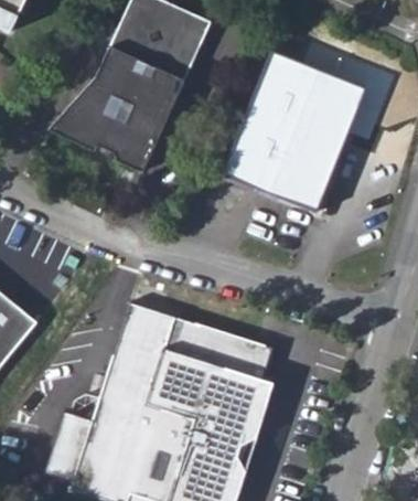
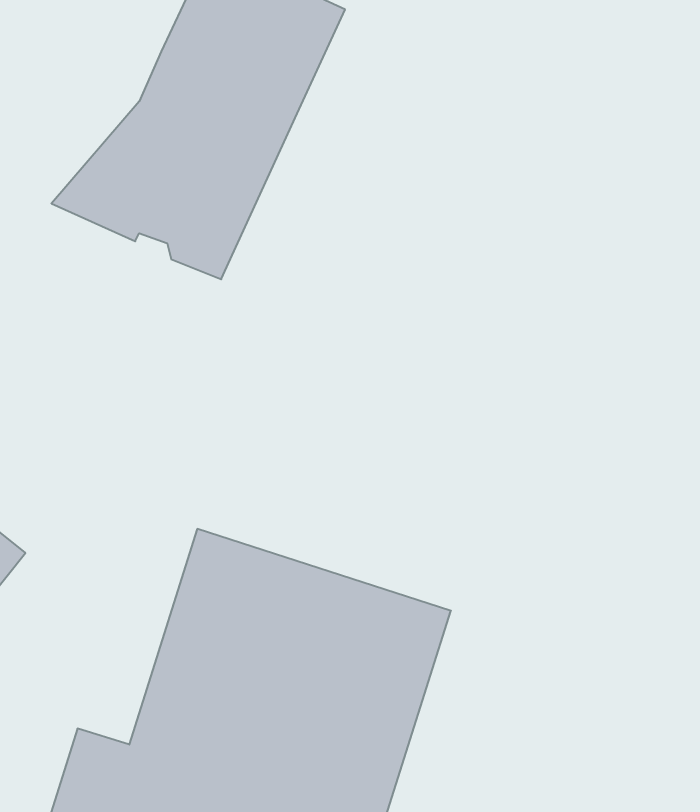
building: [221,49,366,211] -> none

